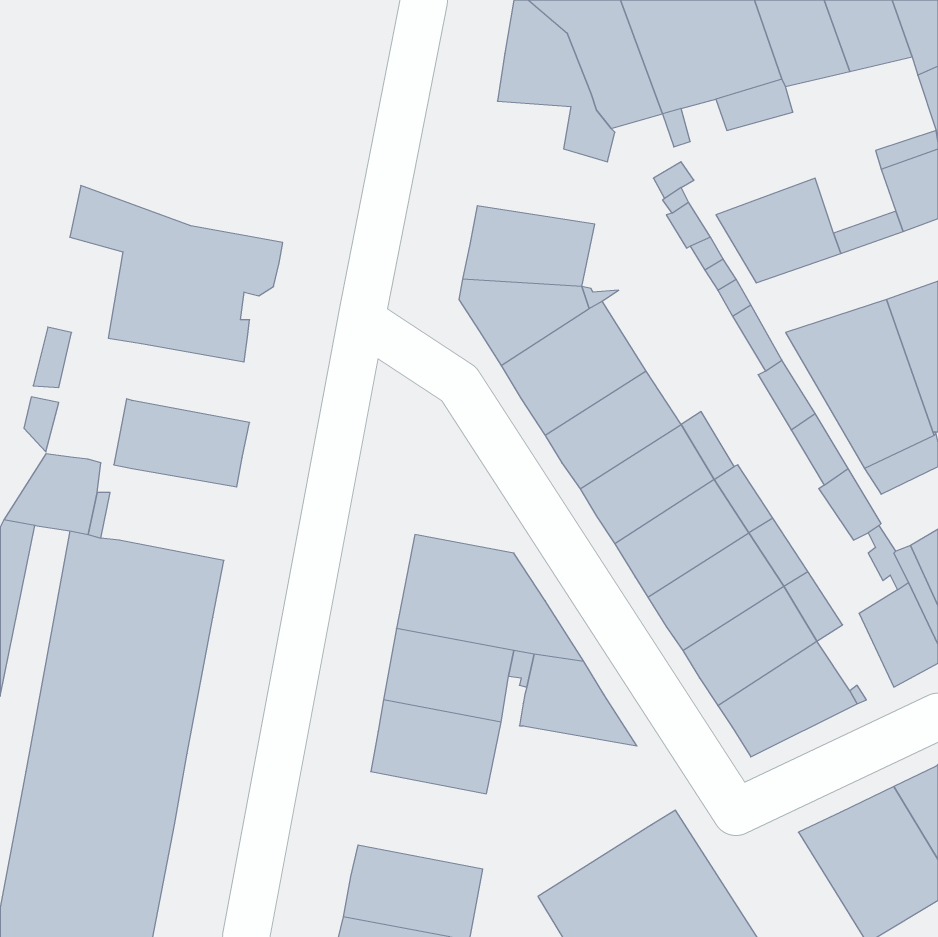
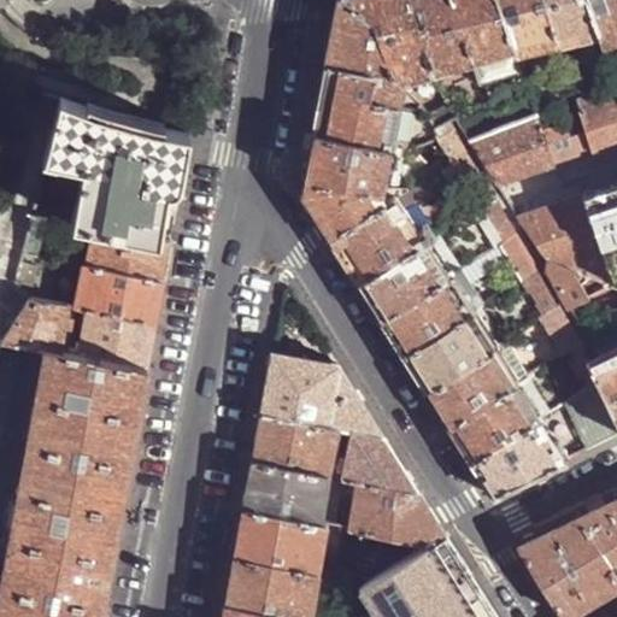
building: none -> [313,67,399,148]
building: none -> [53,98,190,160]
building: none -> [87,227,170,278]
building: none -> [78,308,155,369]
building: none -> [343,477,443,542]
building: none -> [235,507,325,571]

